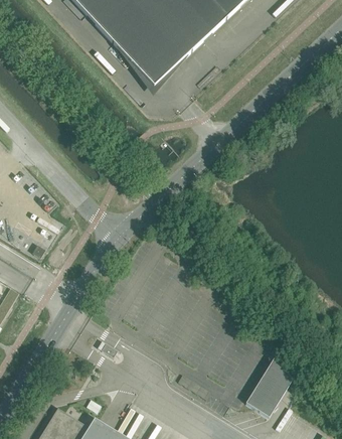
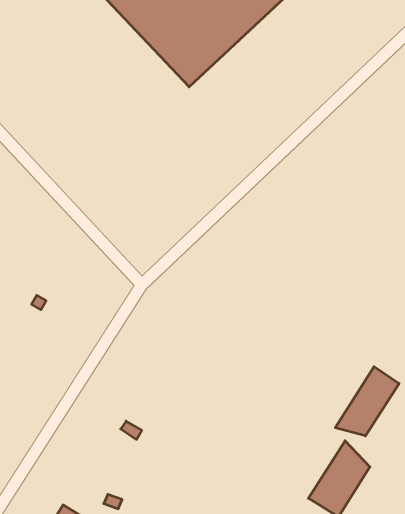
building: none -> [335,367,399,436]

